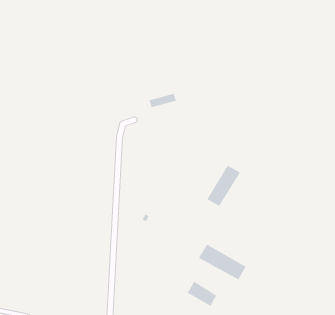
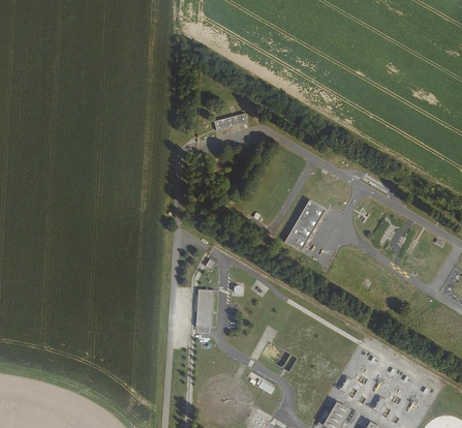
building: none -> [194,289,214,328]
building: [198,244,246,280] -> none

